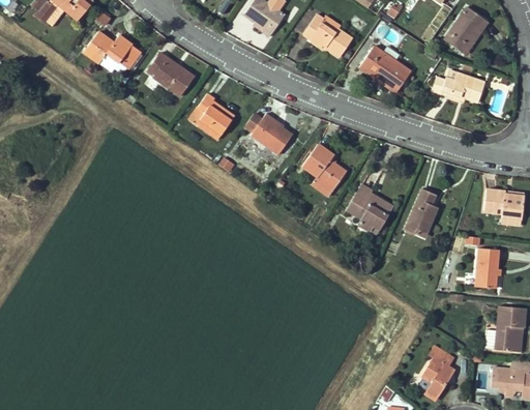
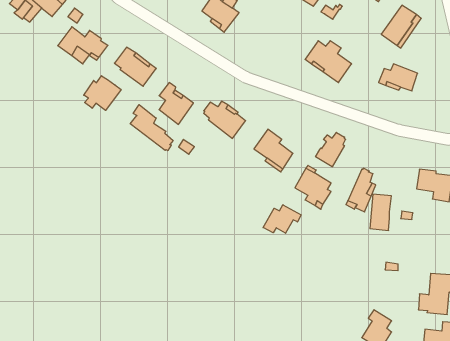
building: [303,13,353,57] -> none
building: none -> [84,76,121,110]
building: none -> [130,105,173,151]
building: none -> [316,132,346,167]
building: none -> [263,205,301,233]
building: [475,248,499,289] -> [370,194,391,230]

